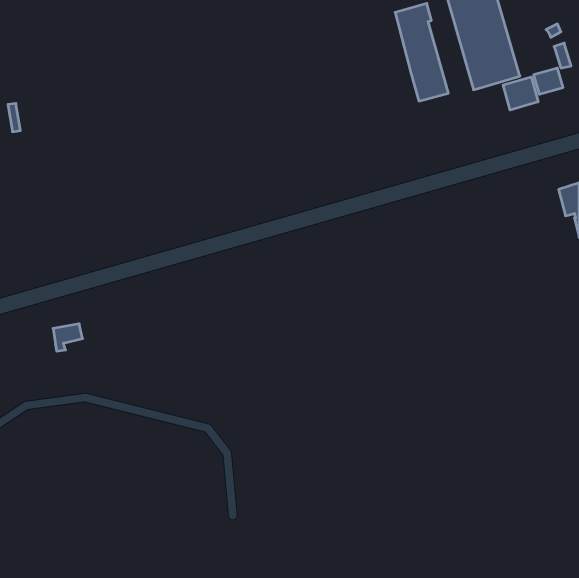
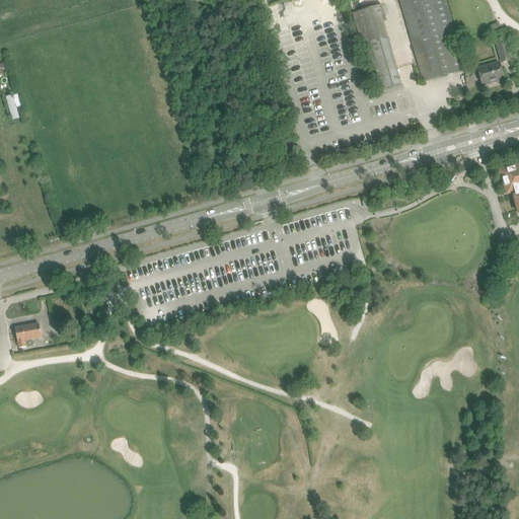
building: [503,77,538,110] -> none
building: [53,324,83,351] -> [14,322,41,347]

